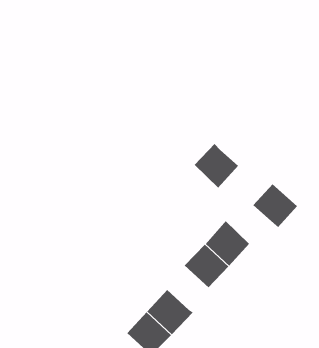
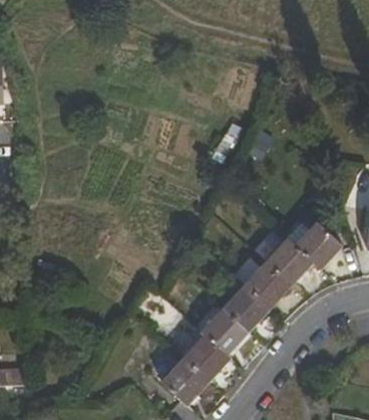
building: [194,143,239,188] -> [265,237,313,285]
building: none -> [200,308,247,356]

